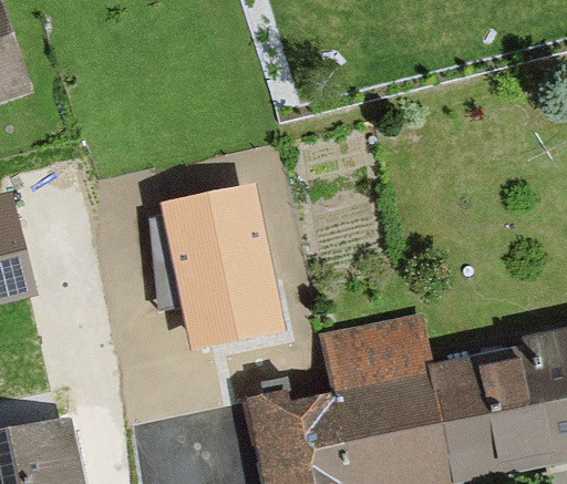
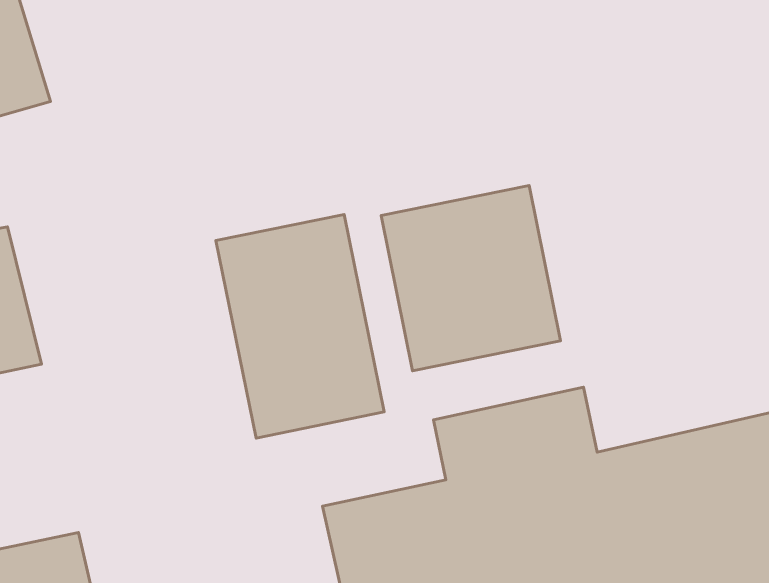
building: none -> [381,185,561,371]

